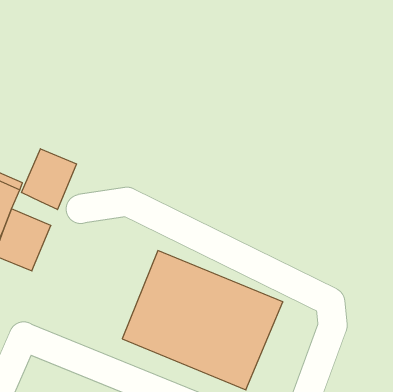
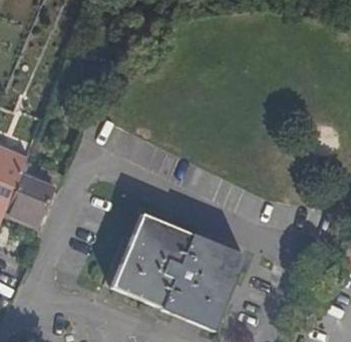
building: [22,149,77,210] -> none

